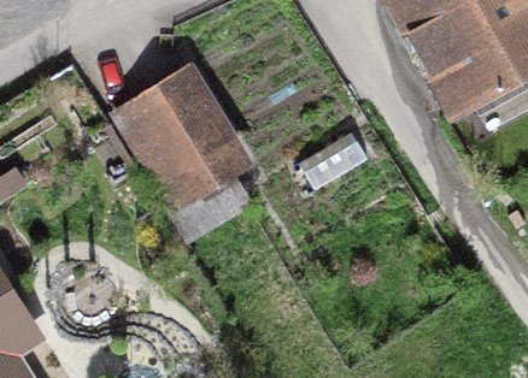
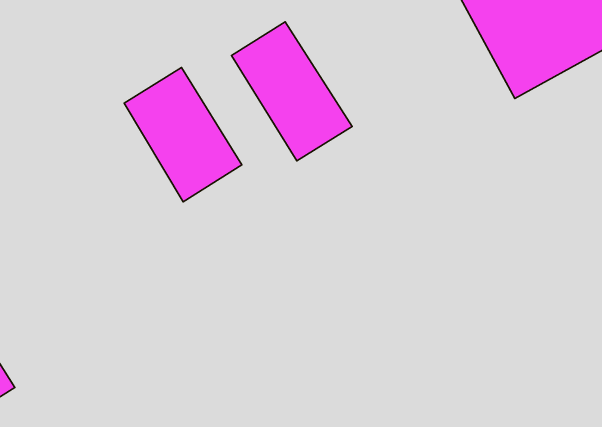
building: none -> [231,22,352,161]

